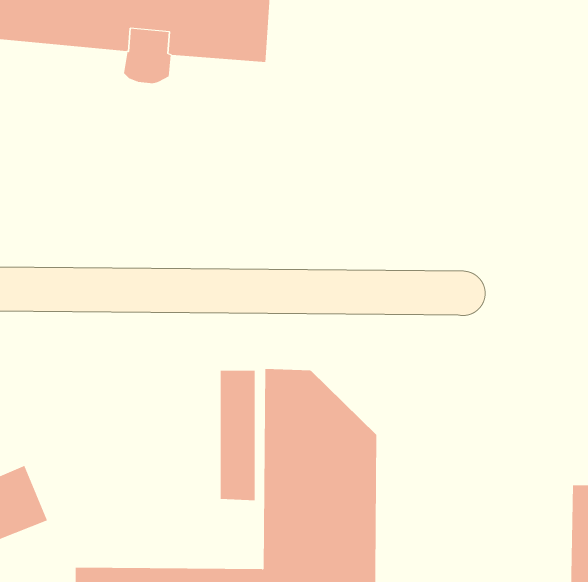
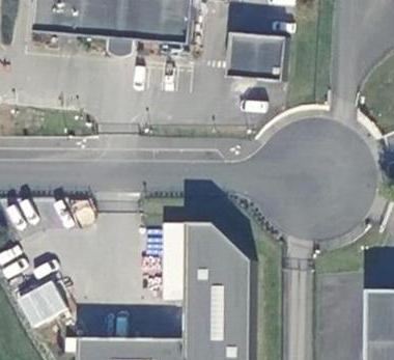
building: none -> [227,27,287,76]

